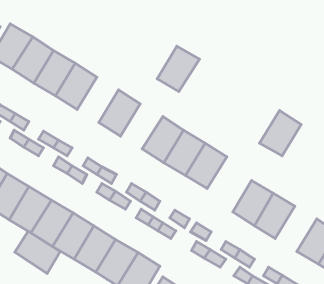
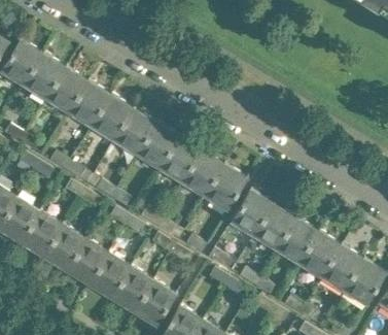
building: [157,46,200,92] -> [135,123,179,170]
building: none -> [90,95,133,142]
building: [260,111,301,156] -> [228,189,272,236]
building: none -> [296,230,340,277]
building: [15,231,60,273] -> none

